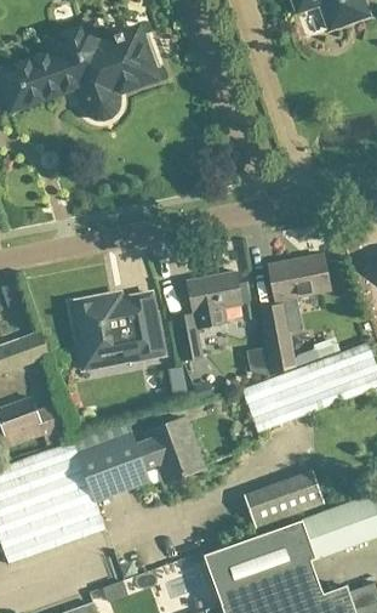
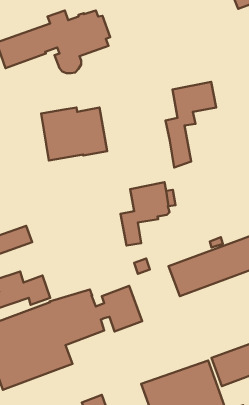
building: [259,254,331,375] -> [166,82,216,168]
building: [70,293,164,368] -> [41,107,107,161]
building: [245,471,325,530] -> none

